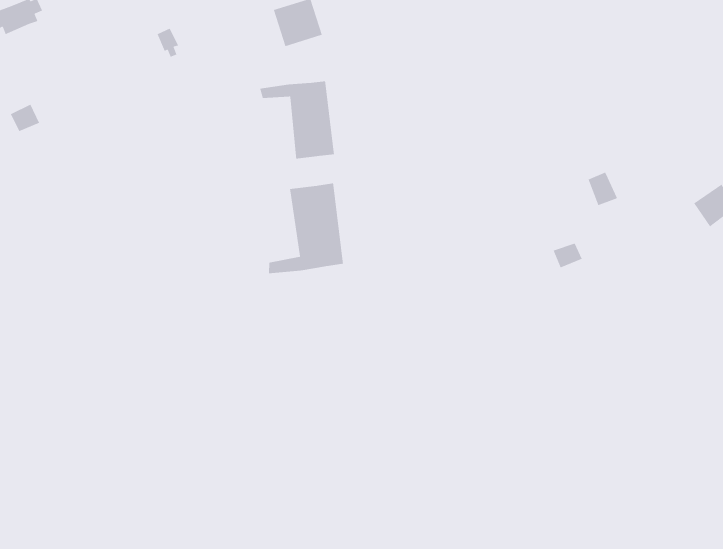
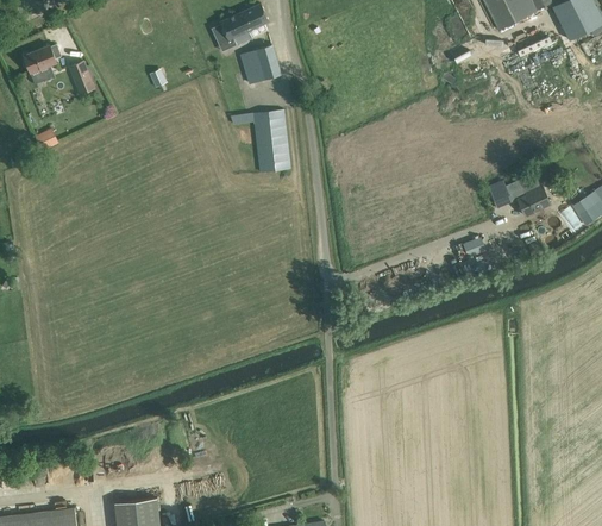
building: none -> [69,60,98,94]
building: none -> [506,176,550,214]
building: [268,183,344,274] -> none

